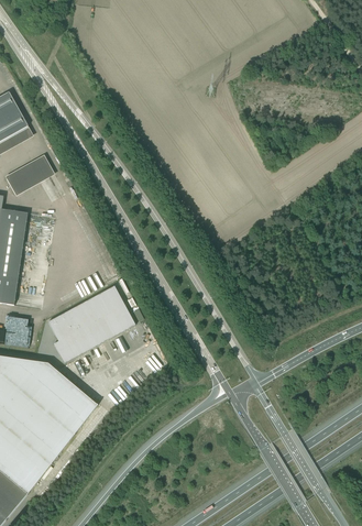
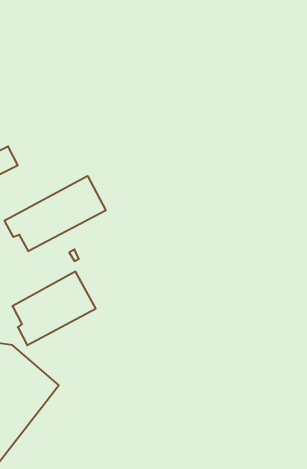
building: none -> [5,176,106,251]

